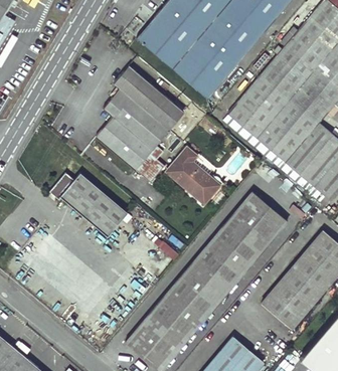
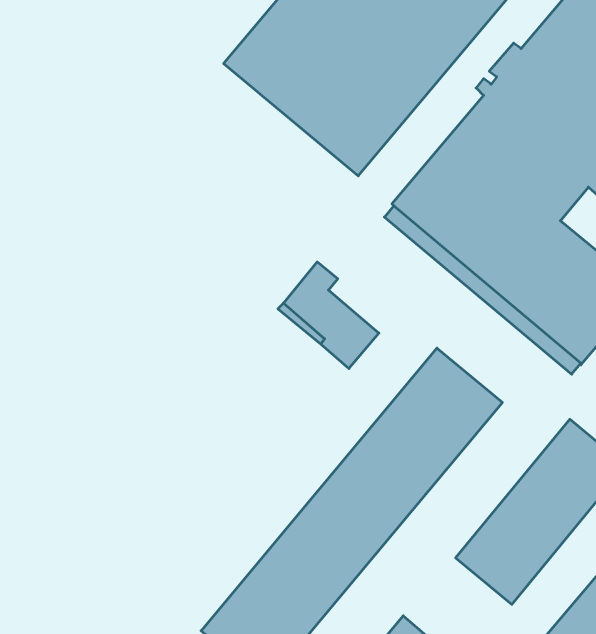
building: [97,63,185,181] -> none
building: [48,171,127,234] -> none

